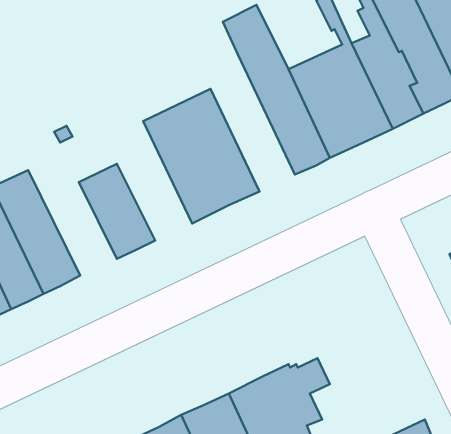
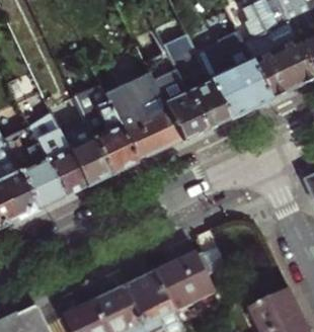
building: none -> [143,49,204,139]
building: none -> [73,82,136,171]
building: none -> [21,105,86,194]

